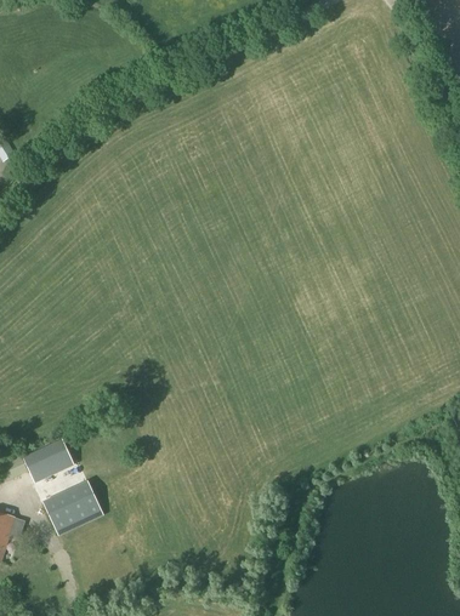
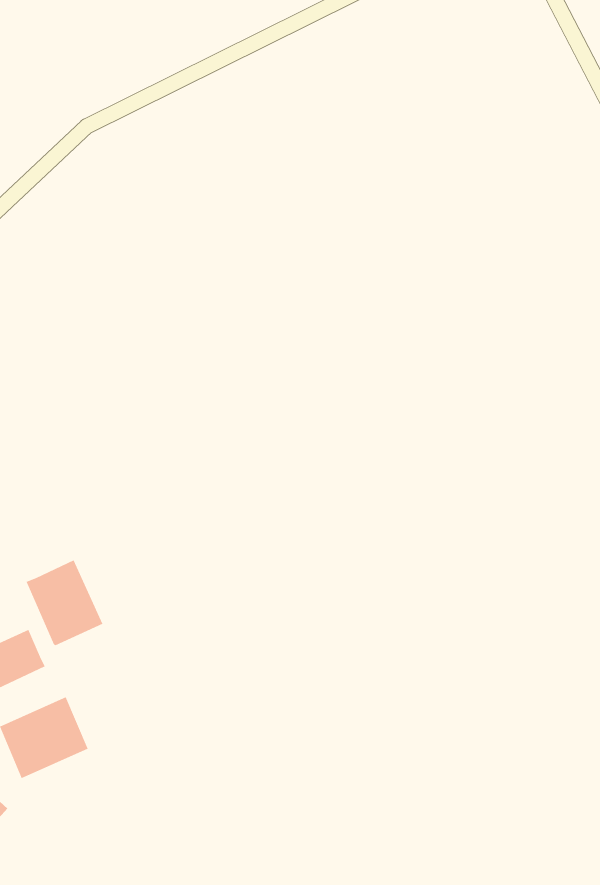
building: none -> [26,560,103,646]

